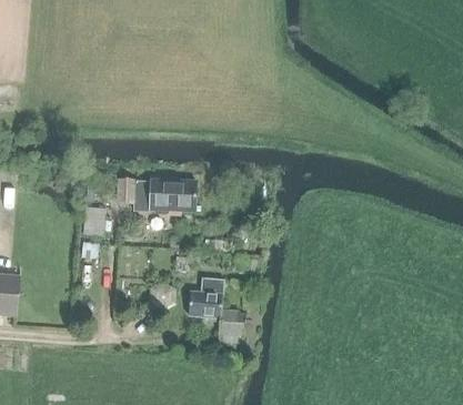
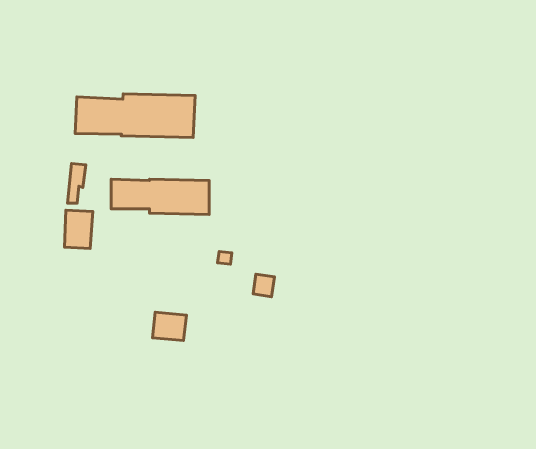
building: none -> [75,94,195,137]
building: [188,276,244,343] -> none

